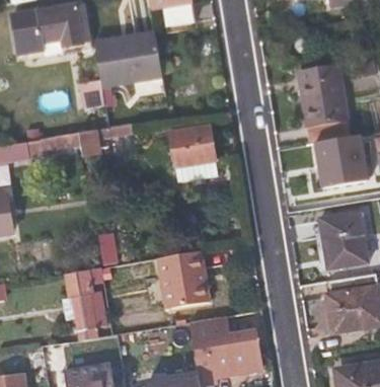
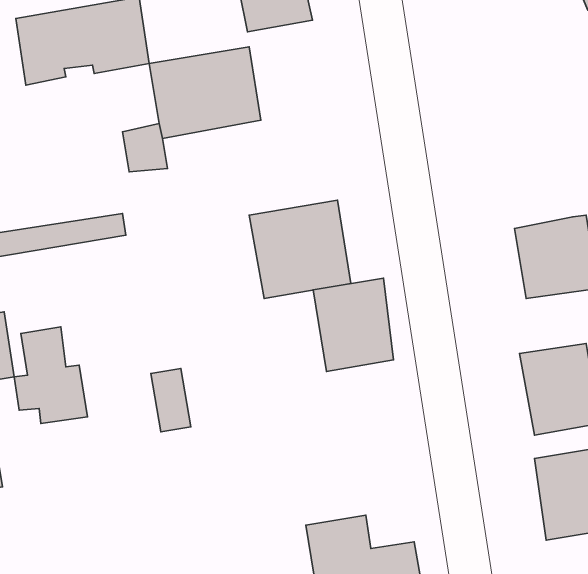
building: [300,74,351,143] -> none
building: [77,125,132,156] -> none
building: [159,250,208,307] -> [313,278,393,372]
building: [61,268,105,327] -> [14,327,87,423]

